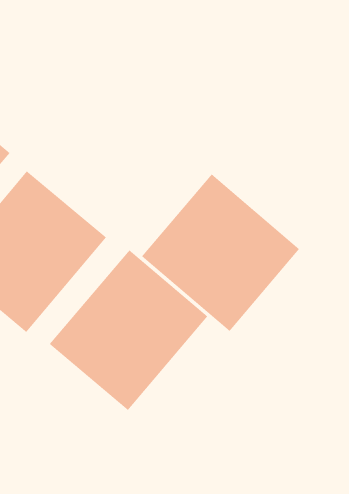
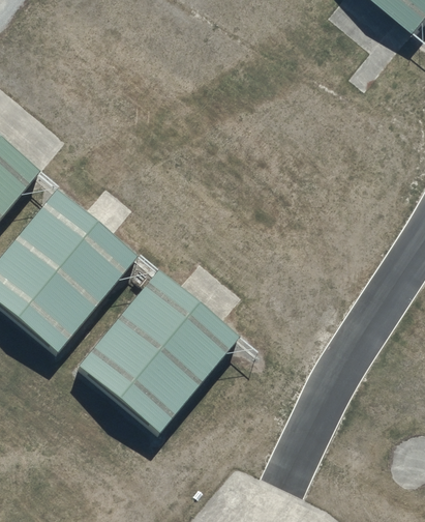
building: [141,174,300,332] -> none

